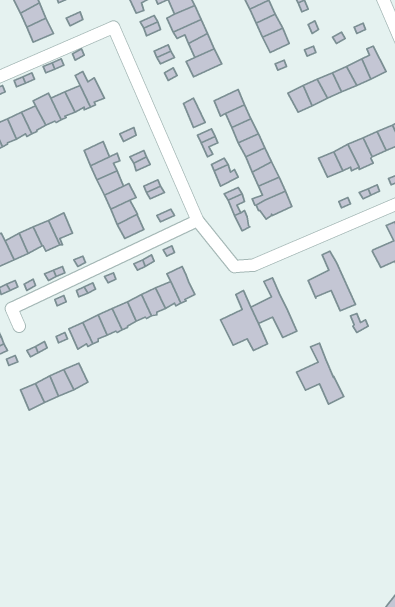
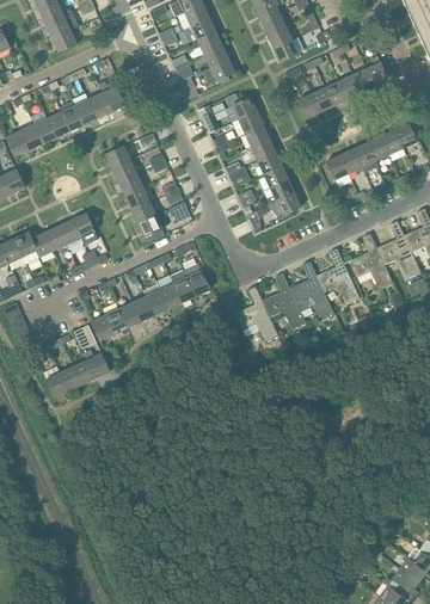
building: none -> [349,233,393,289]
building: [297,343,344,404] -> [289,260,333,318]

